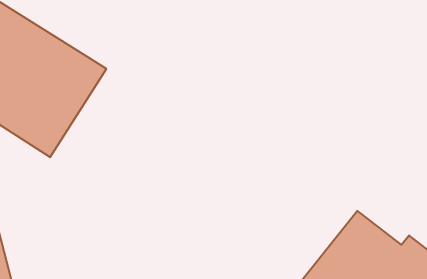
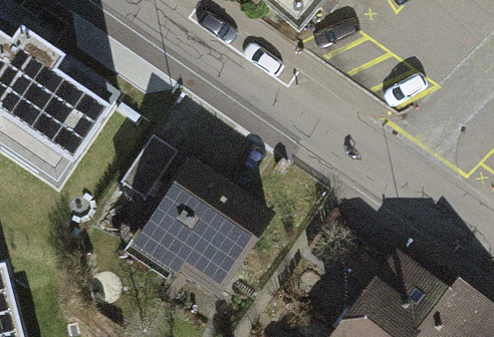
building: none -> [124,178,248,292]

